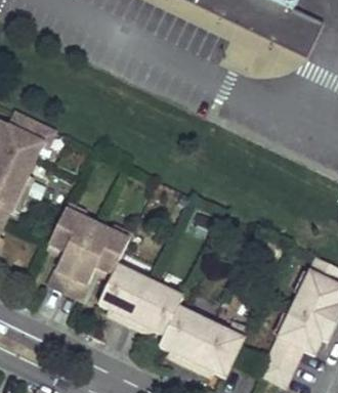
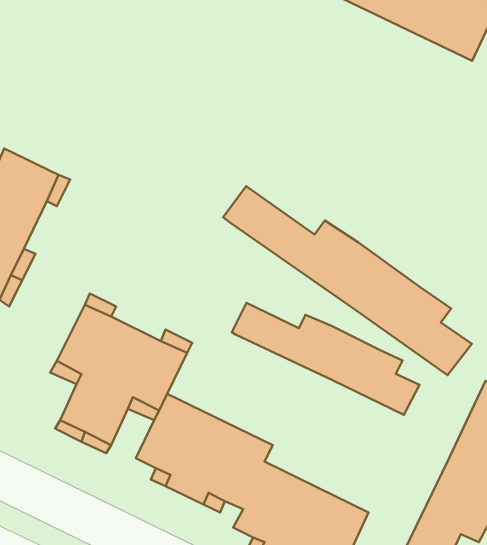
building: none -> [223,186,472,375]
building: none -> [232,303,420,415]

